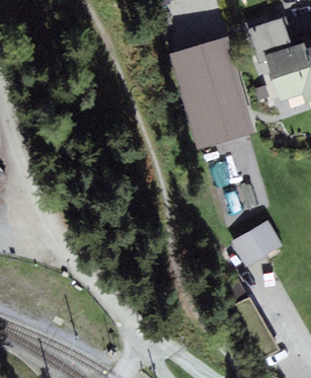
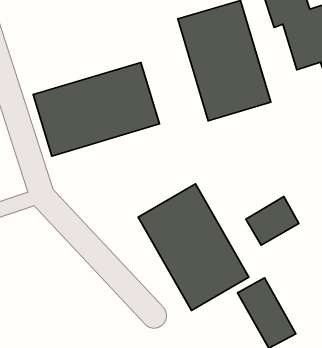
building: none -> [33,62,159,156]
building: none -> [138,184,249,310]

